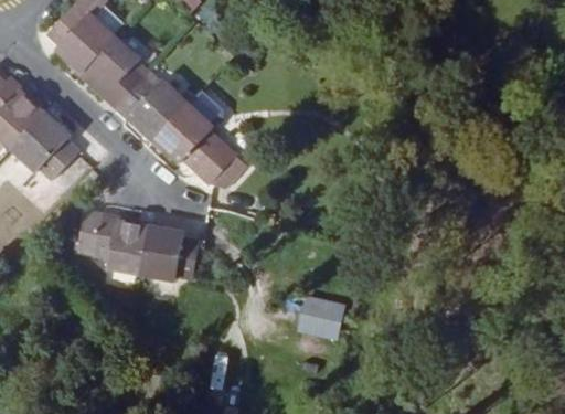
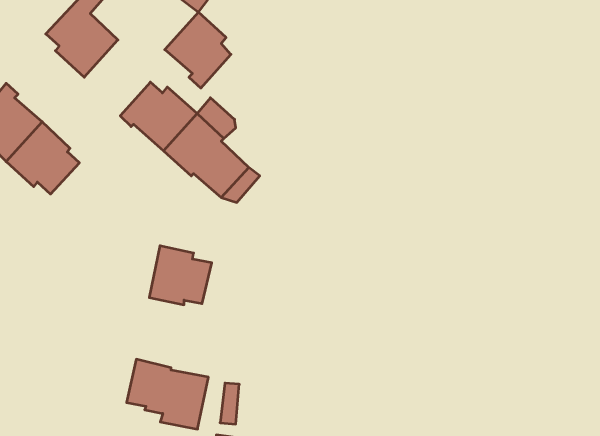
building: [84,39,145,108] -> [165,12,231,88]
building: [78,211,153,275] -> [127,359,208,429]
building: [297,296,344,339] -> none

